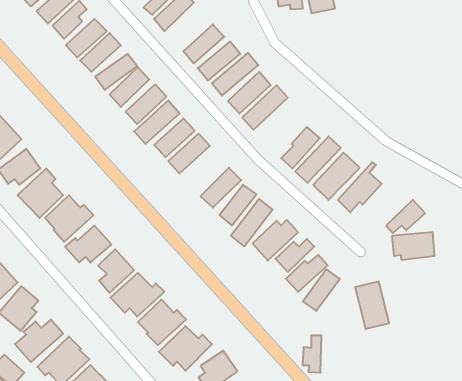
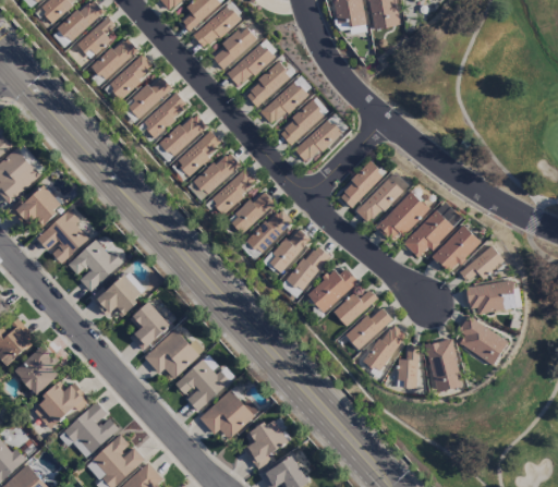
building: none -> [210,23,259,70]
building: none -> [228,192,275,234]
building: none -> [432,224,480,272]
building: none -> [456,317,508,365]
building: [303,336,322,373] -> [397,345,418,388]

